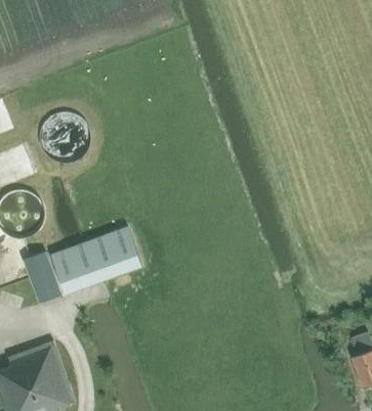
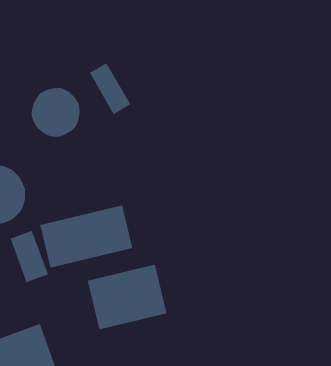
building: none -> [89,63,131,115]
building: none -> [87,264,167,330]

